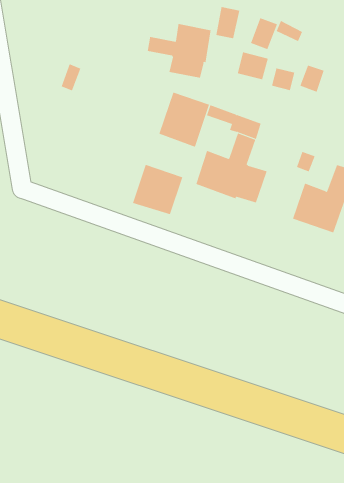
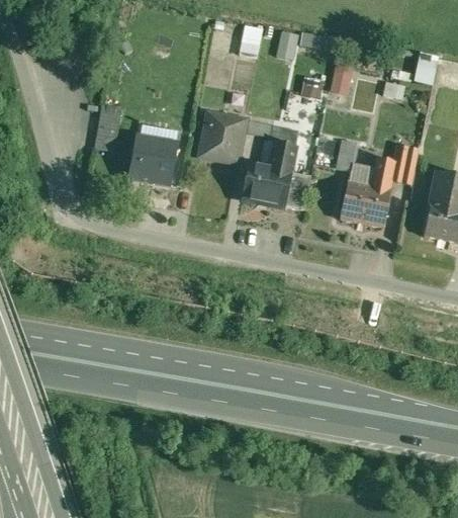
building: [147,23,211,79] -> none
building: [237,52,268,80] -> none
building: [132,164,183,215] -> [130,138,176,183]

